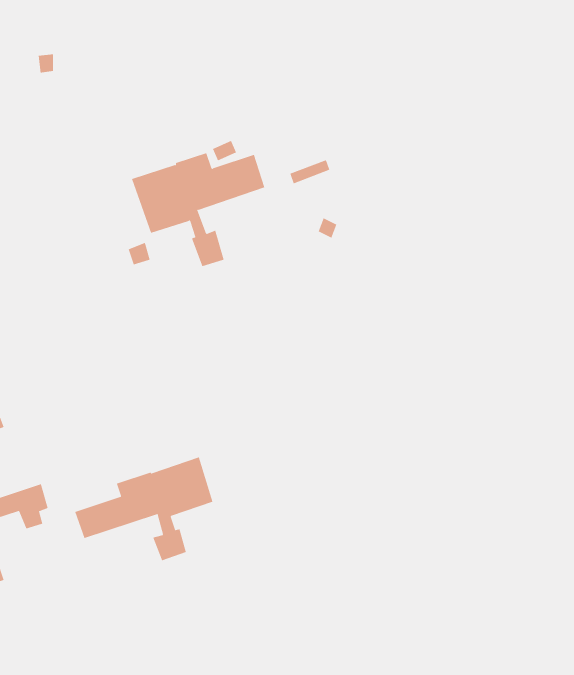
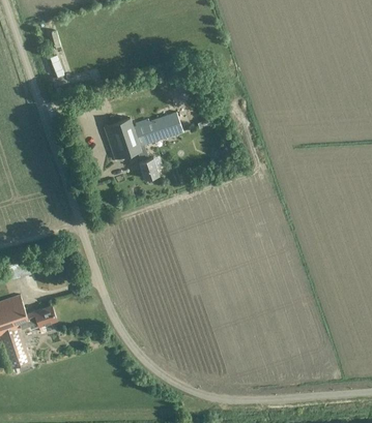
building: [74,457,213,561] -> none

